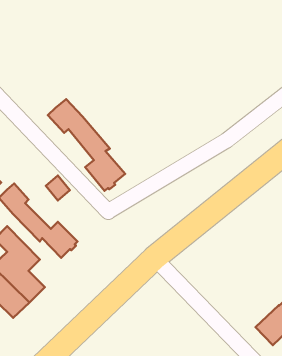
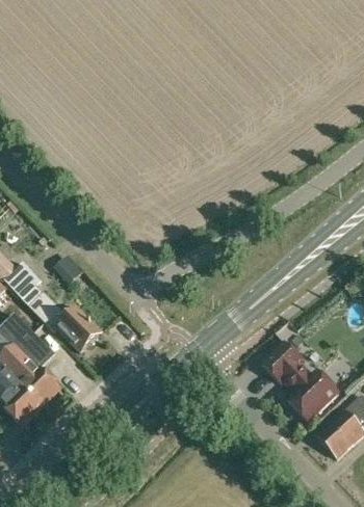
building: [48,99,125,191] -> none
building: none -> [260,341,336,420]

